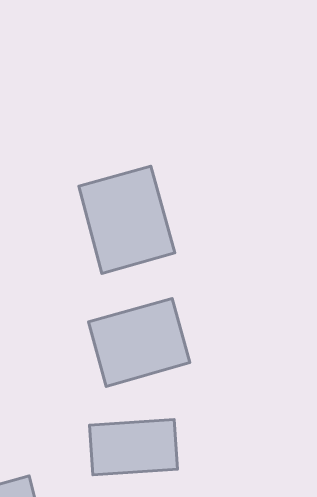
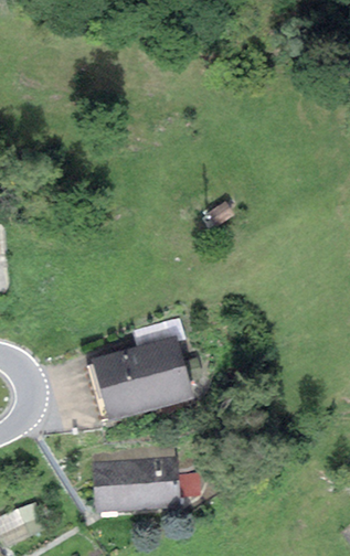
building: [79,166,175,273] -> none

